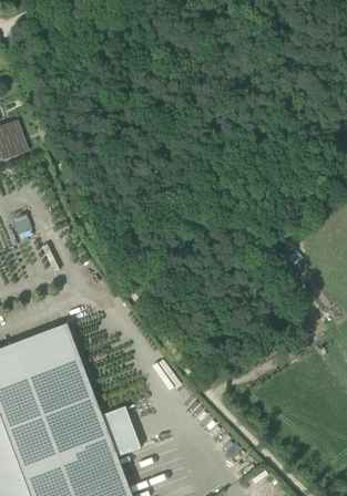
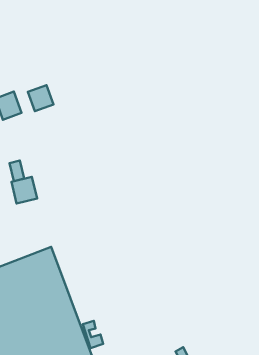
building: none -> [28,85,53,111]
building: none -> [11,177,37,204]

